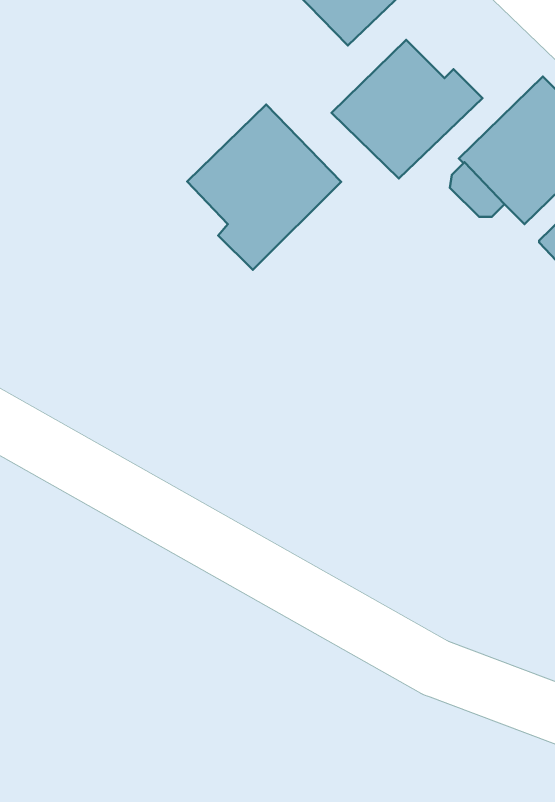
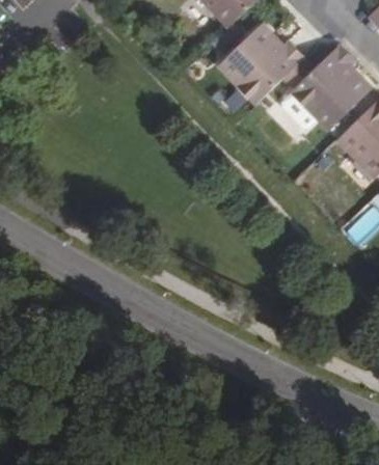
building: [187,105,341,270] -> none

